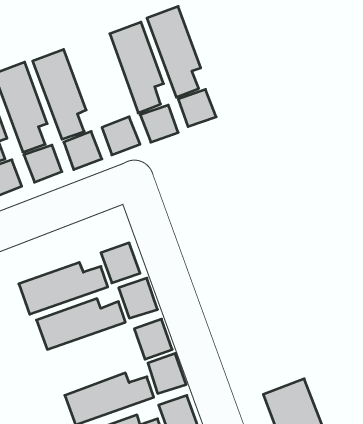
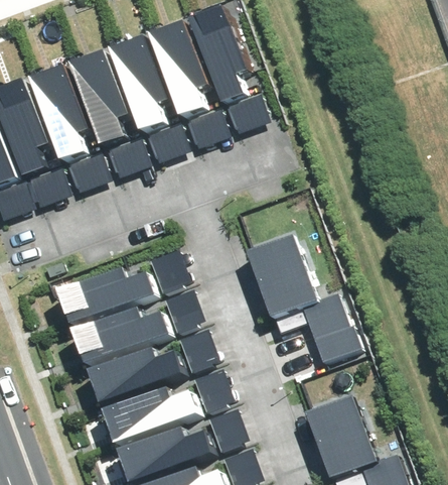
building: none -> [112,38,167,131]
building: none -> [250,234,352,359]
building: none -> [92,352,183,405]

